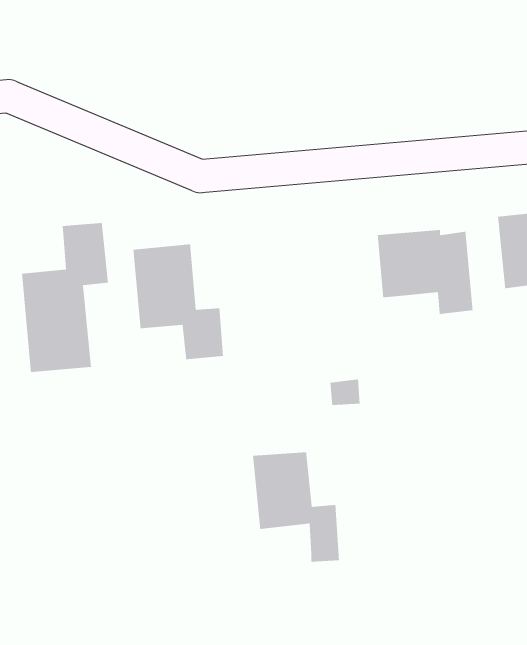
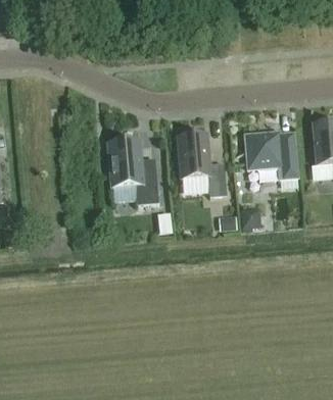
building: [21,222,109,373] -> none
building: [252,451,340,563] -> [178,135,227,197]

